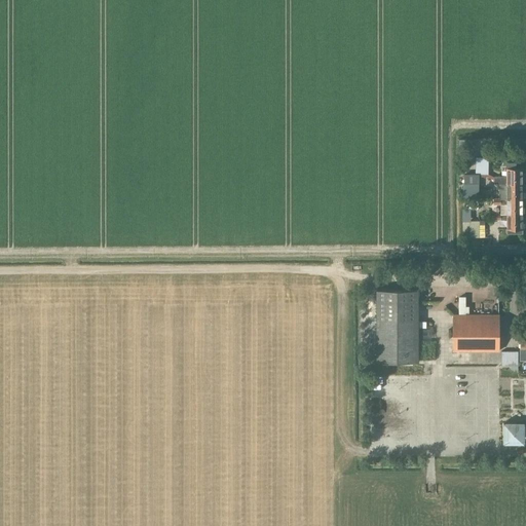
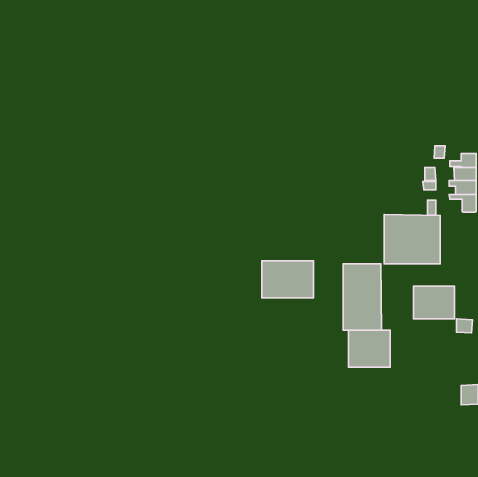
building: none -> [384,214,440,264]
building: none -> [262,261,313,298]
building: none -> [349,330,390,367]

